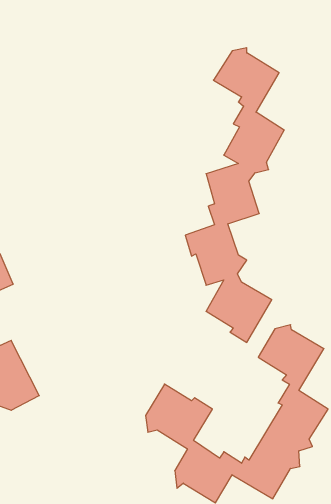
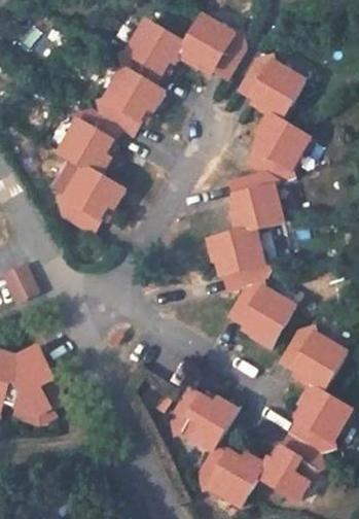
building: none -> [58,14,244,232]

